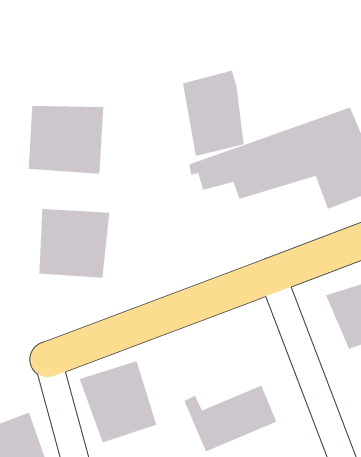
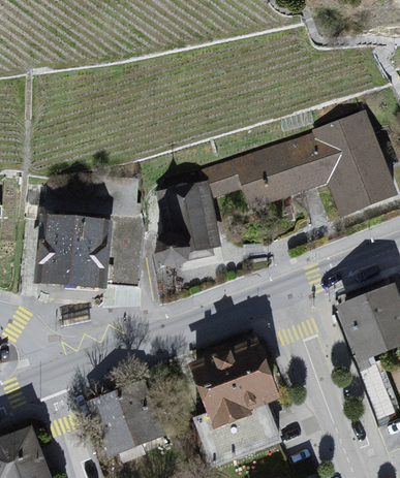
building: [182,70,245,157] -> [154,181,218,269]
building: [28,105,104,174] -> none
building: none -> [191,341,280,423]

